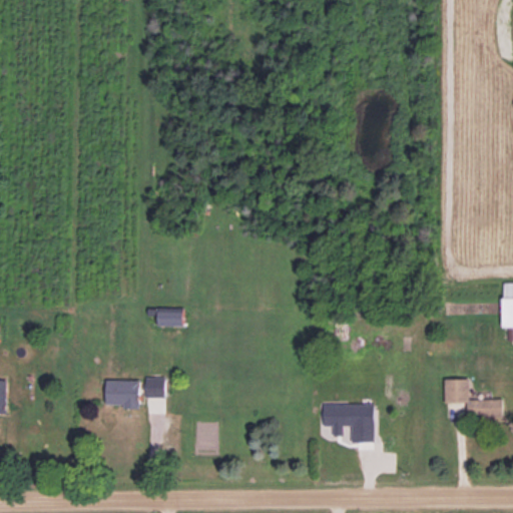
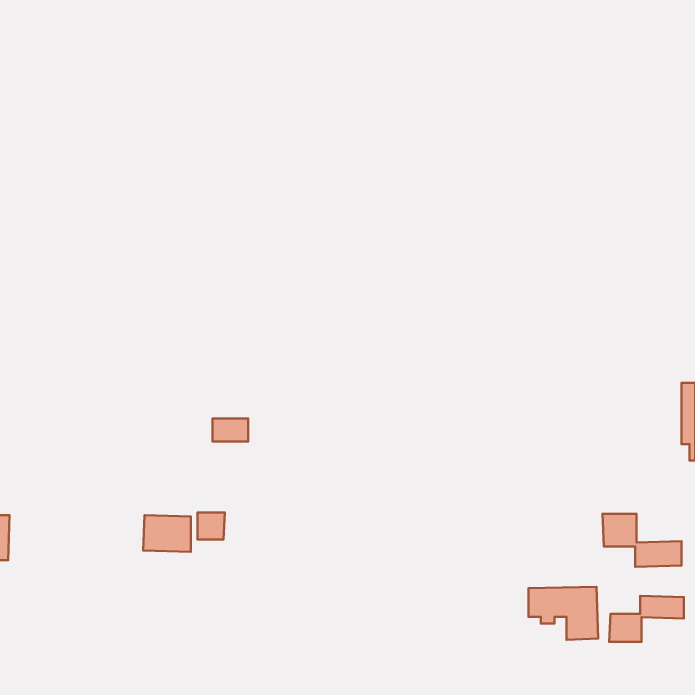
building: [323,404,374,443] -> [529,587,598,640]
building: none -> [609,596,684,642]

